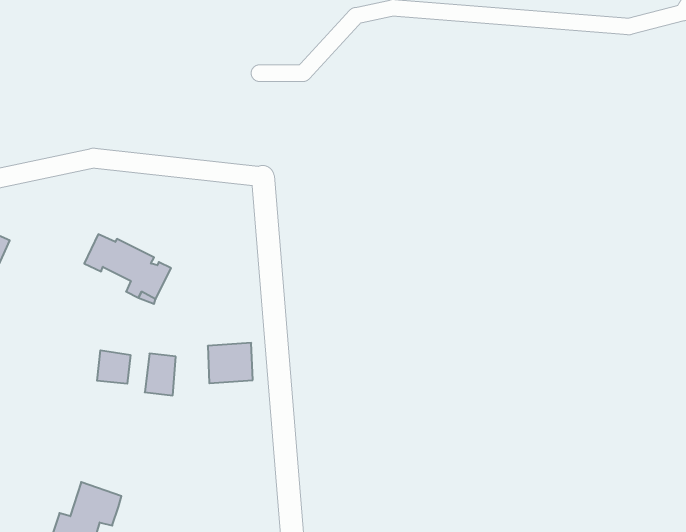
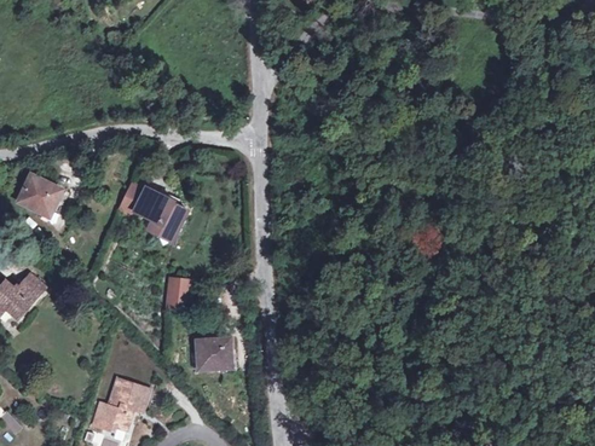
building: [208,343,253,383] -> [196,337,231,369]
building: [97,350,130,384] -> none

